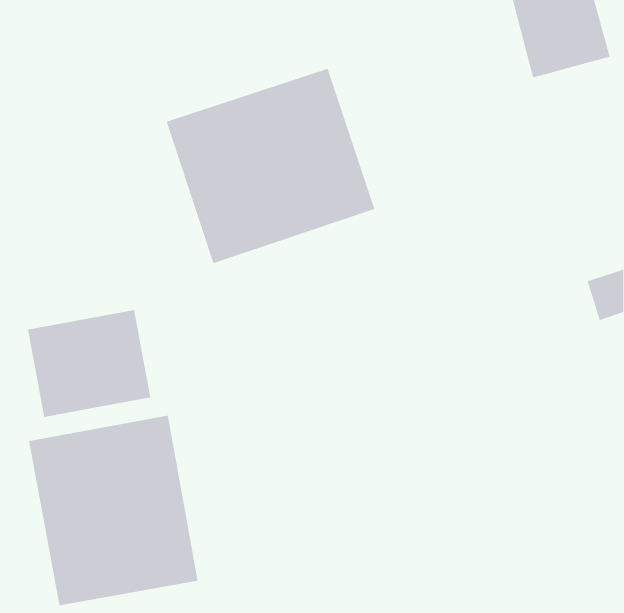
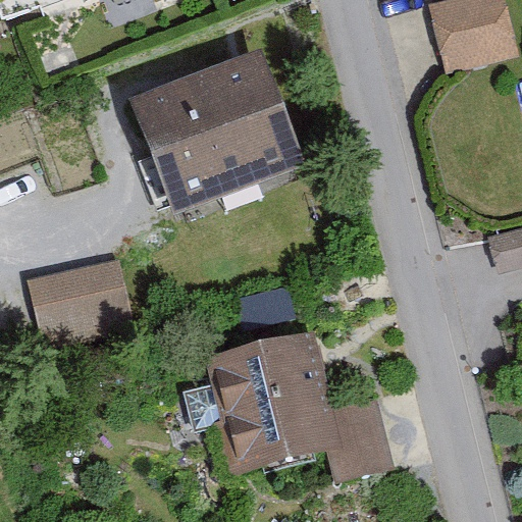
building: none -> [209,334,385,474]
building: [28,415,198,606] -> none

